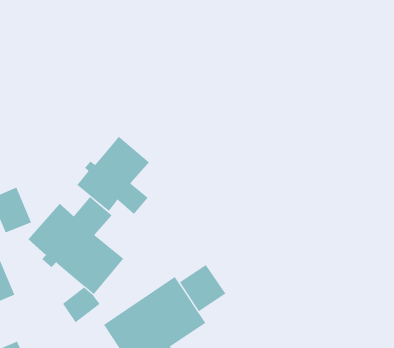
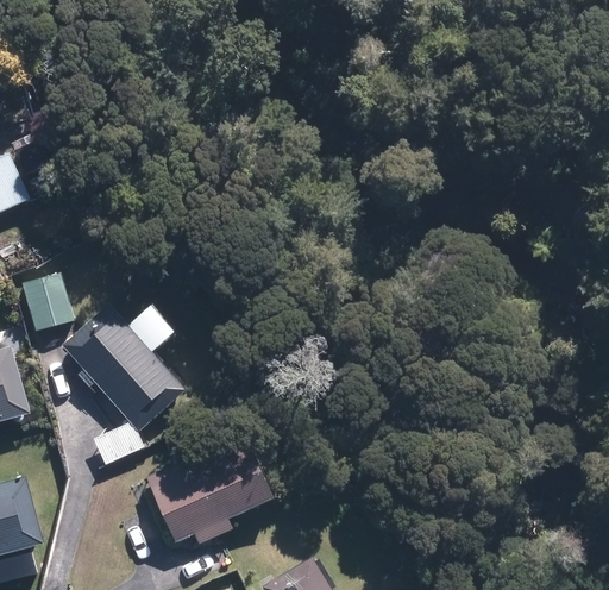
building: [77,136,150,215] -> none
building: [179,264,226,312] -> none

